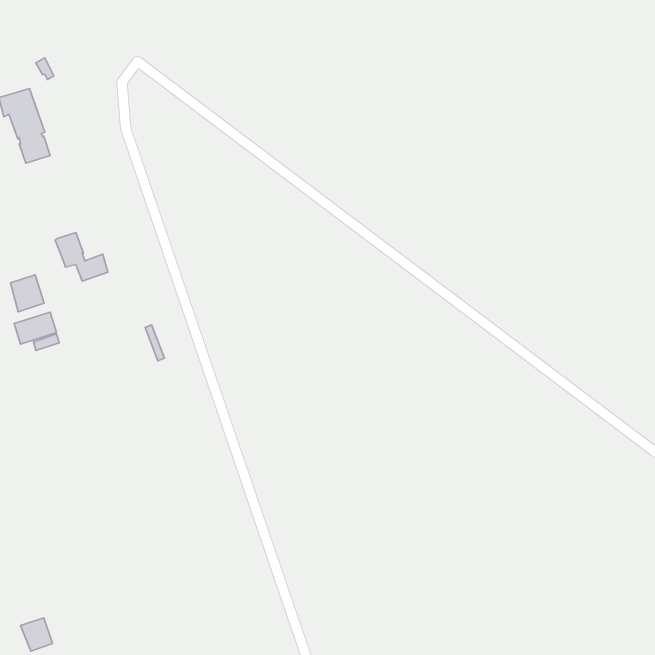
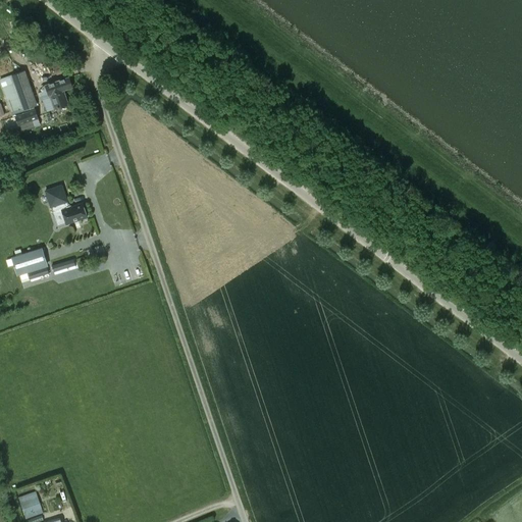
building: none -> [41,76,71,110]
building: [10,275,44,312] -> none

